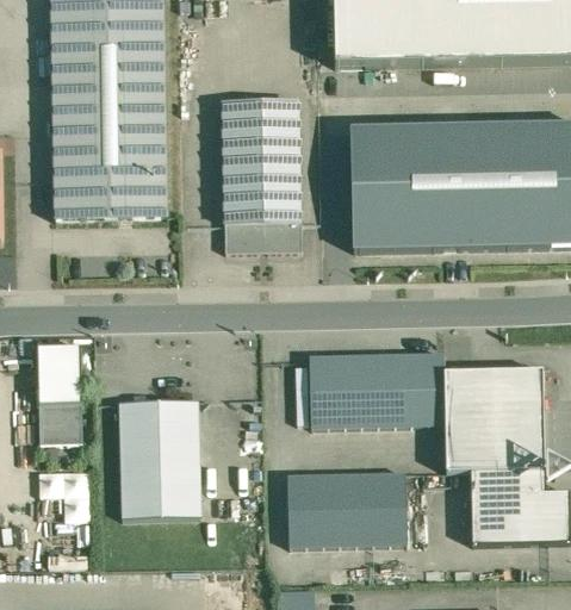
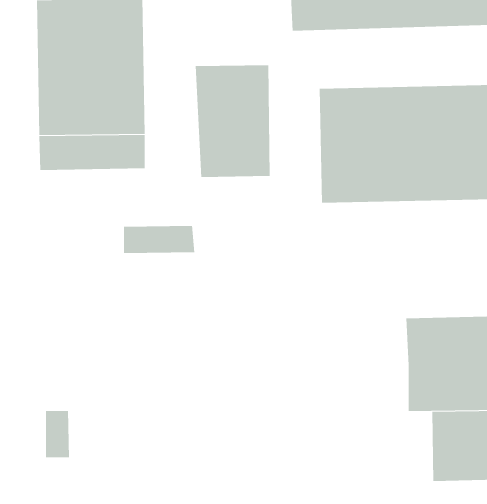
building: [225,220,302,250] -> [123,225,195,254]
building: [308,350,445,425] -> none
building: [41,351,81,443] -> none
building: [119,397,200,516] -> none
building: [291,473,409,548] -> none

